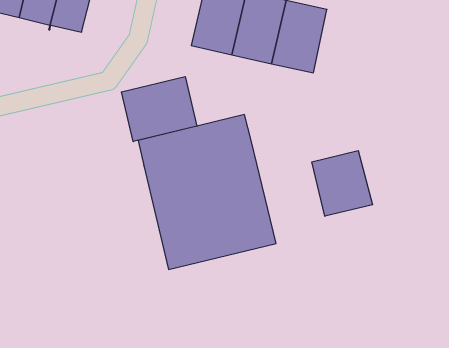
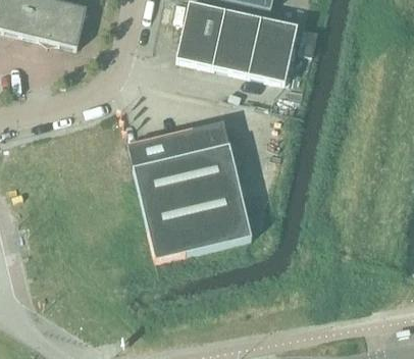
building: [121,77,197,142] -> none
building: [312,151,373,216] -> none

